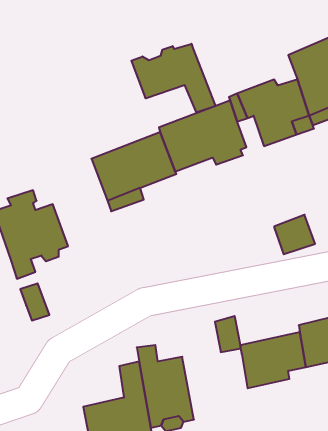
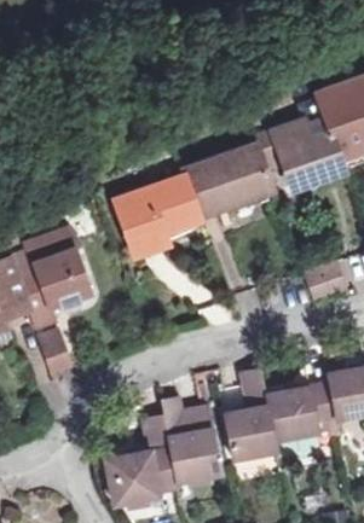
building: [131,44,216,112] -> none
building: none -> [226,405,278,458]

